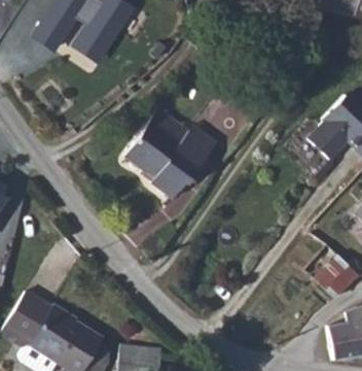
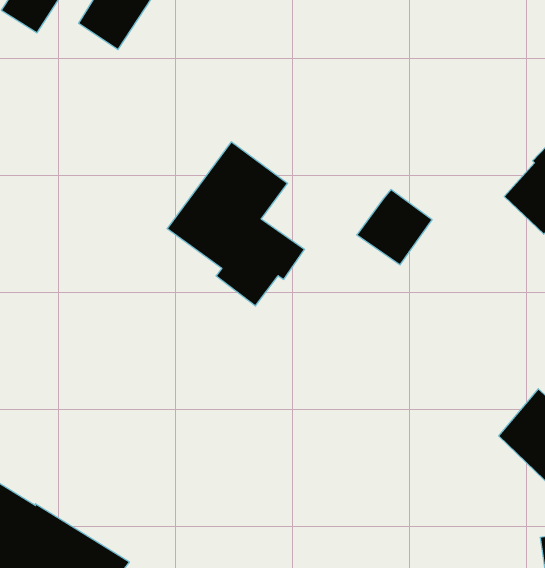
building: [175,126,216,167] -> [357,190,432,265]

